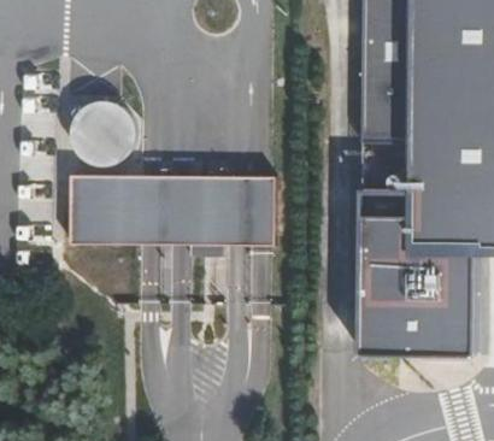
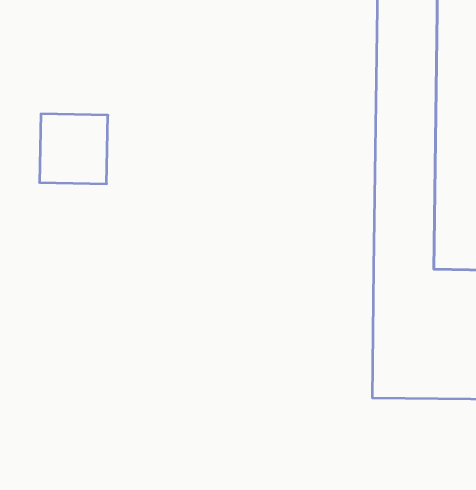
building: [75,176,275,245] -> none

